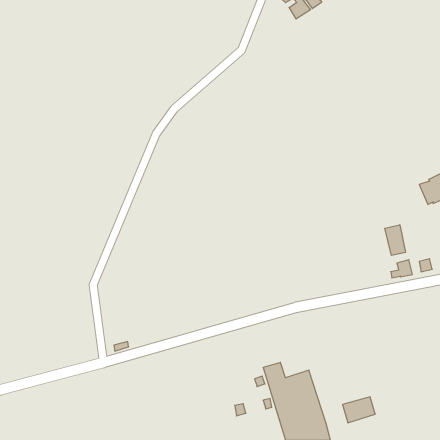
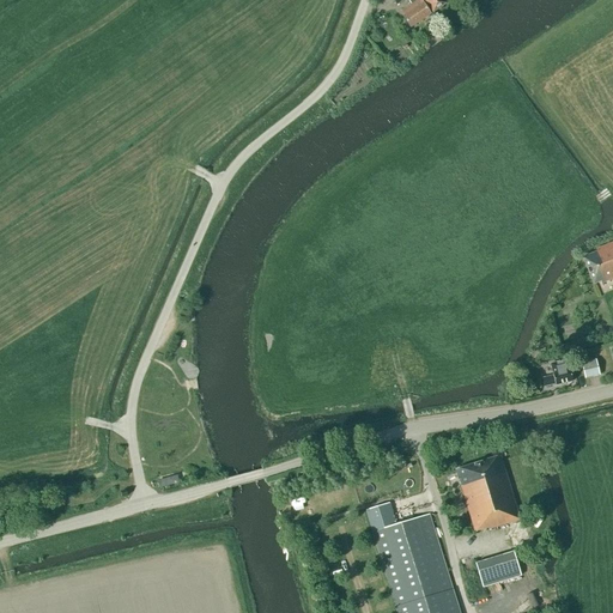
building: [385,225,406,255] -> none
building: none -> [456,455,521,530]

